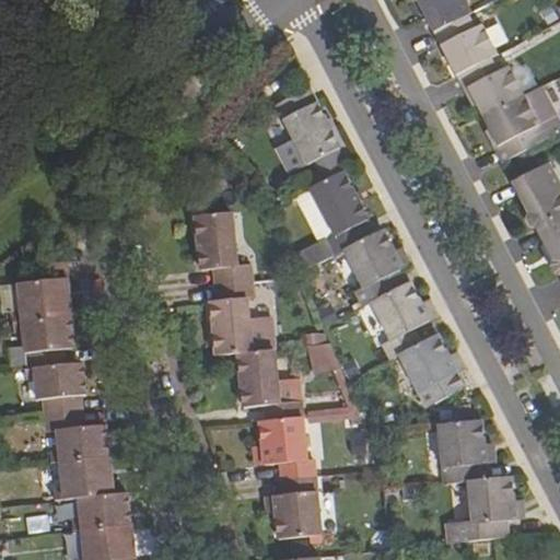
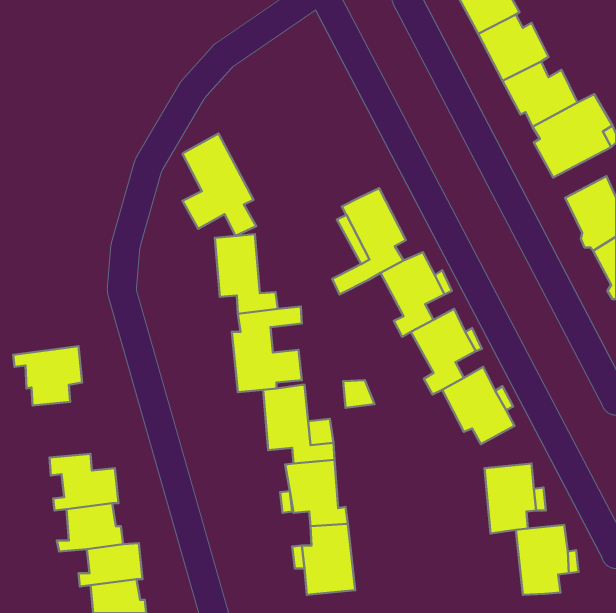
building: [277,86,343,179] -> [182,133,256,236]
building: [11,261,71,322] -> none
building: [24,363,85,415] -> none

